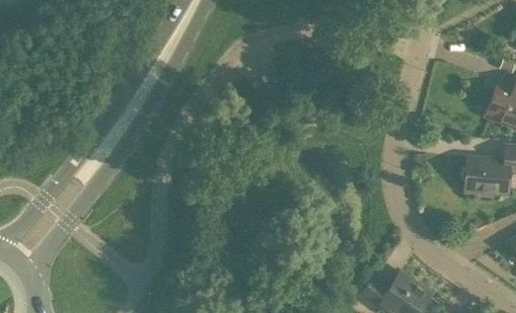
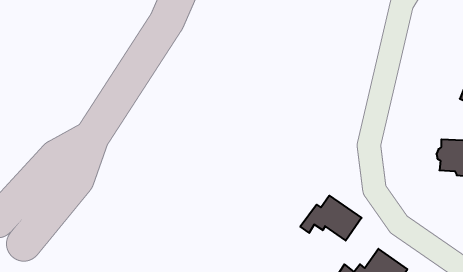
building: none -> [300,196,362,241]

